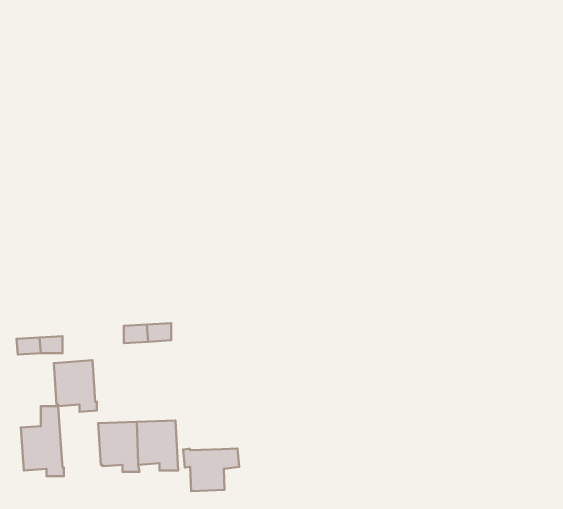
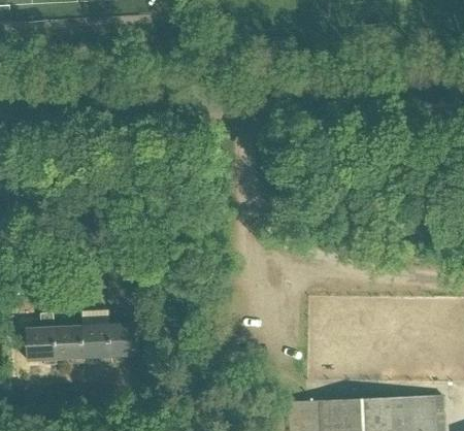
building: [54,360,97,412] -> [56,327,87,364]
building: [183,449,239,491] -> none

